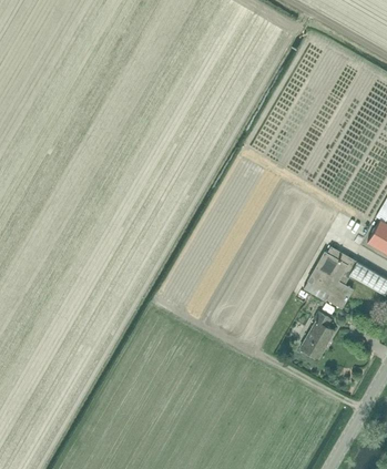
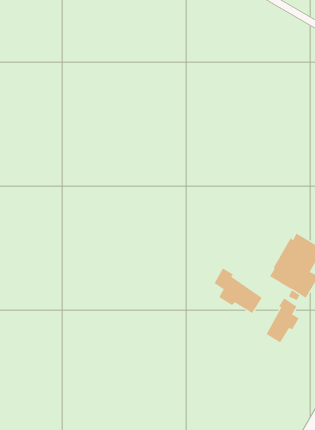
building: none -> [214,267,263,314]

